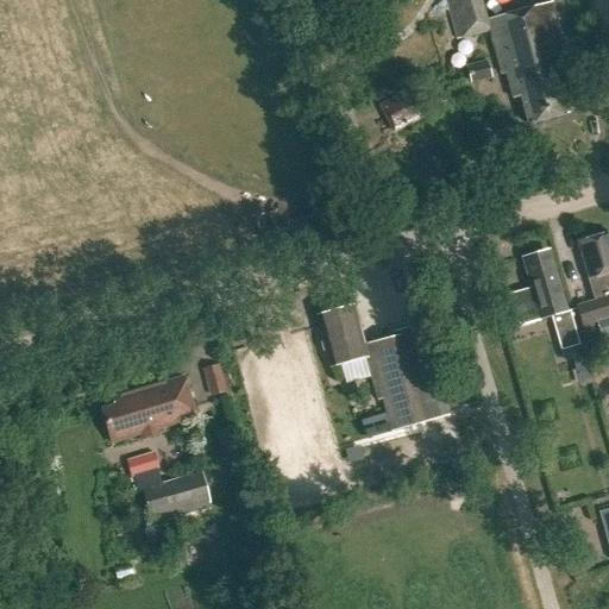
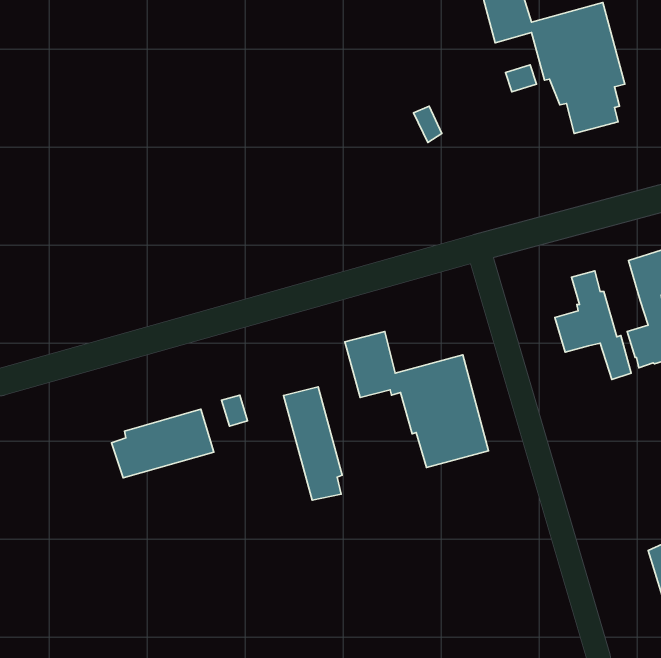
building: none -> [283,387,342,500]
building: [127,446,213,516] -> none

